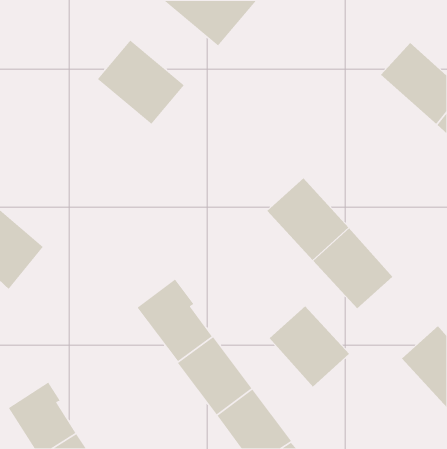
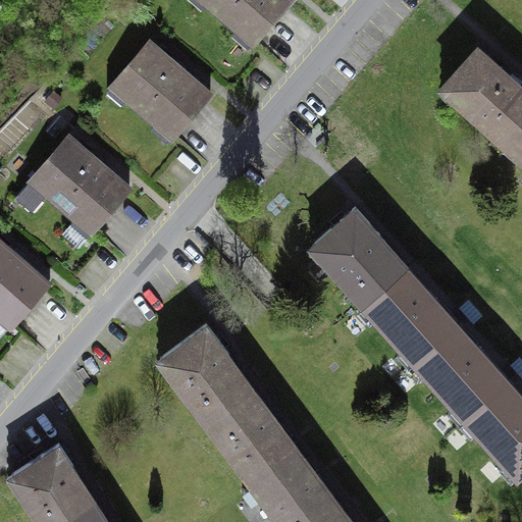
building: none -> [27,138,134,242]
building: [269,306,350,387] -> [414,321,508,416]

